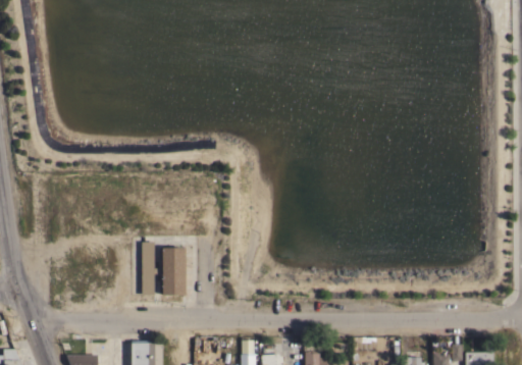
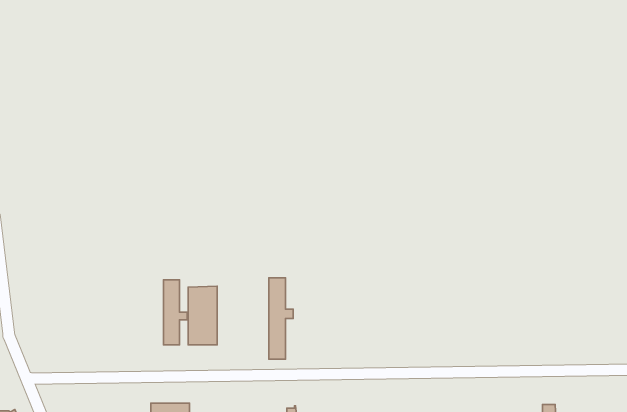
building: none -> [269,278,293,359]

